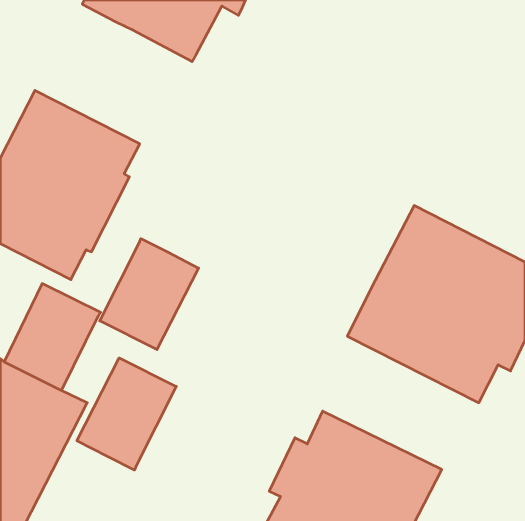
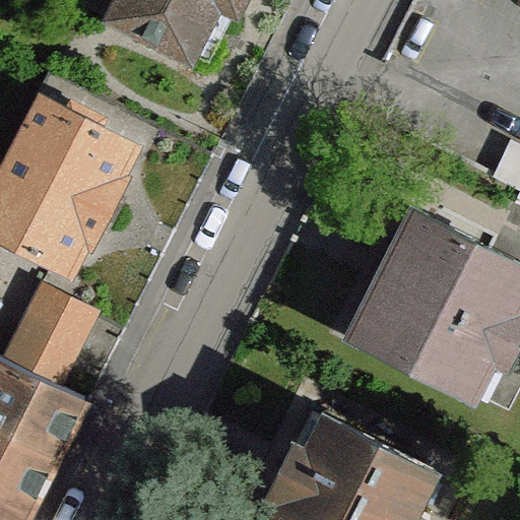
building: [100,239,199,350] -> none
building: [77,358,176,470] -> none

